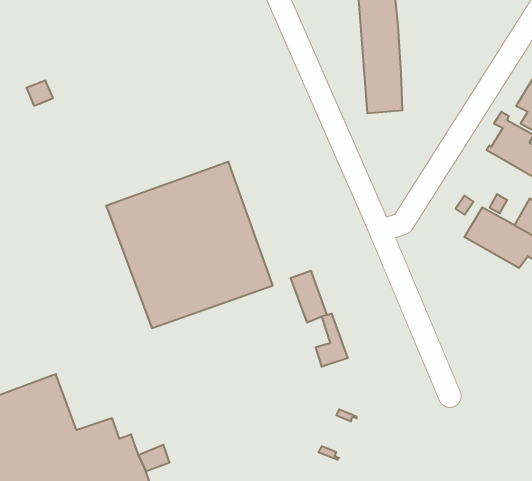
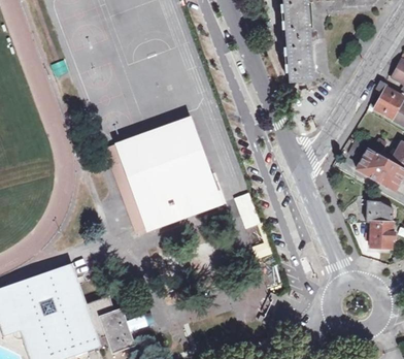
building: none -> [366,200,395,248]

